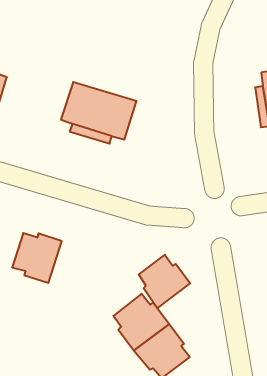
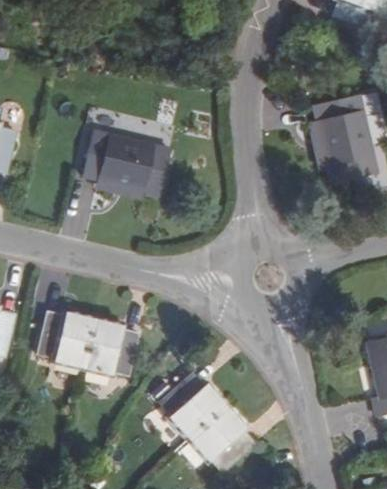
building: none -> [83,318,140,376]
building: [139,255,190,308] -> none

